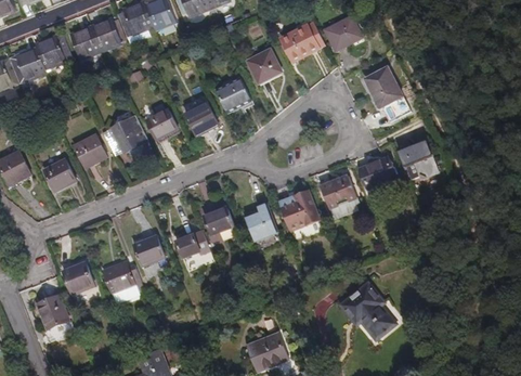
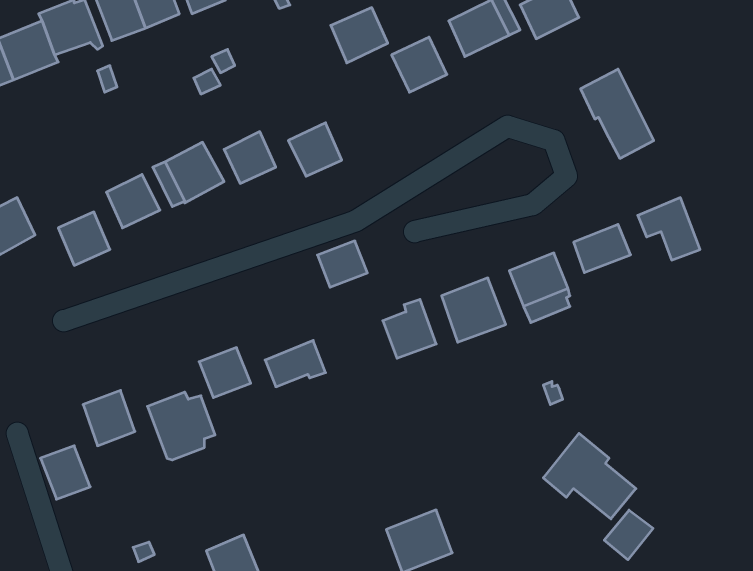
building: [218,78,252,112] -> [331,8,388,63]
building: [203,208,233,236] -> [317,241,367,287]
building: none -> [604,510,653,560]

